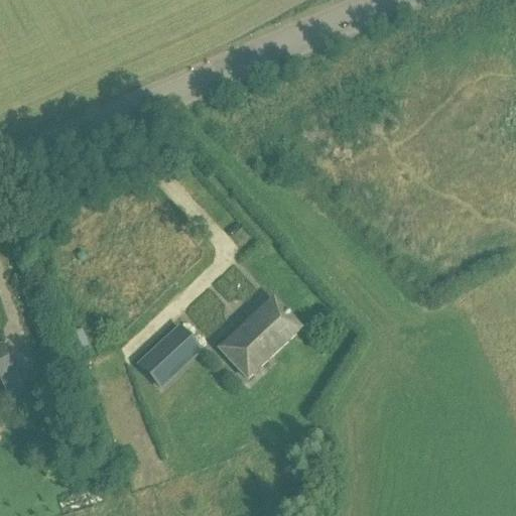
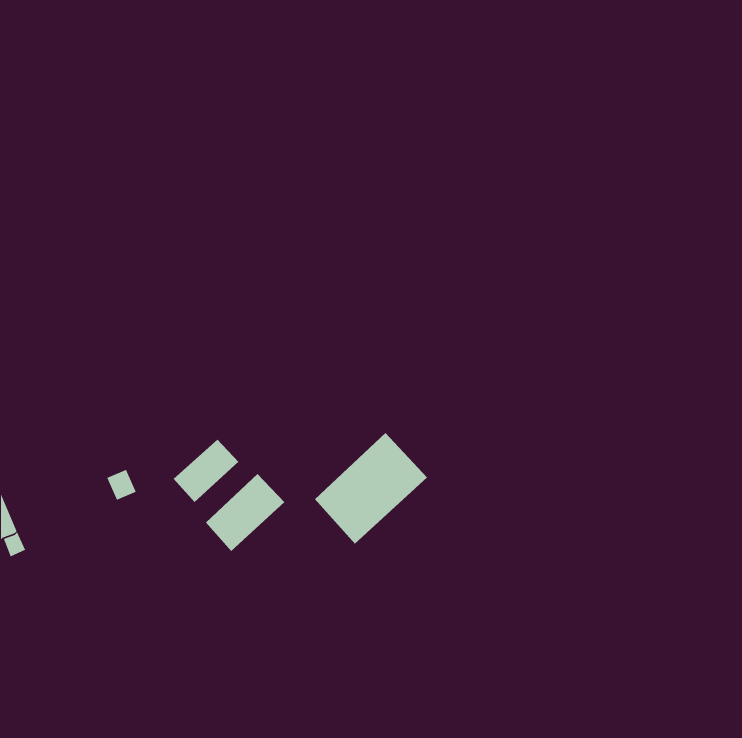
building: none -> [173,439,239,503]

